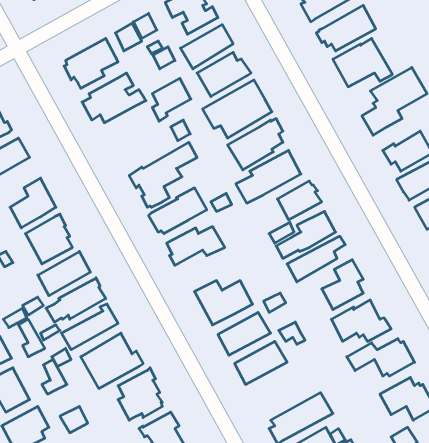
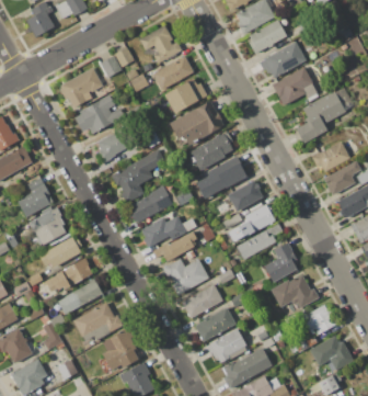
building: [152,78,191,121] -> [99,129,129,163]
building: none -> [153,231,196,261]
building: none -> [207,329,246,364]

